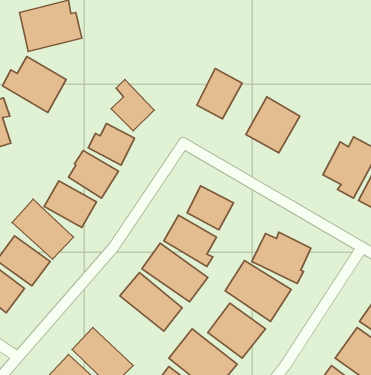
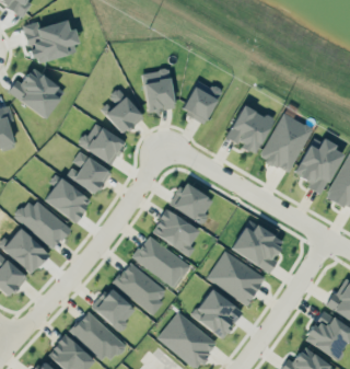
building: none -> [141,69,176,113]
building: none -> [260,113,312,173]
building: none -> [94,289,137,332]

